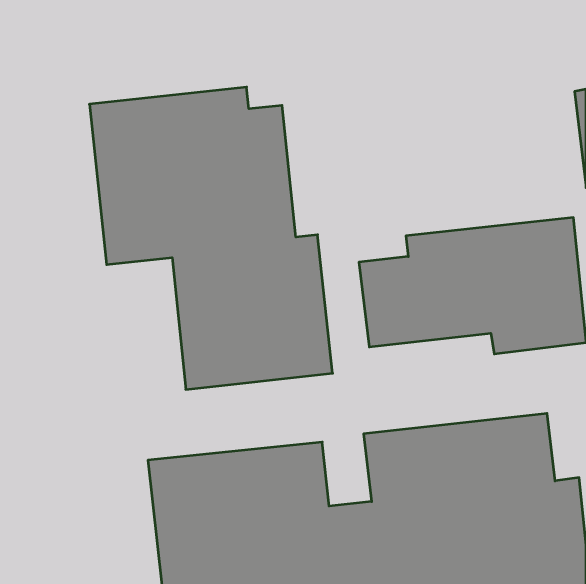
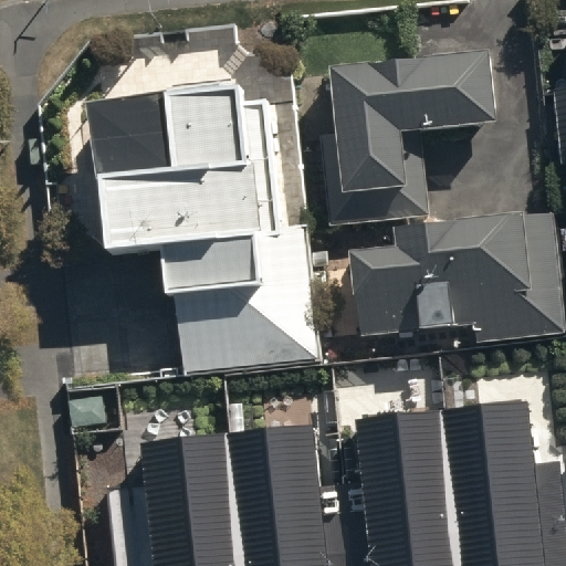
building: none -> [319,50,496,227]

